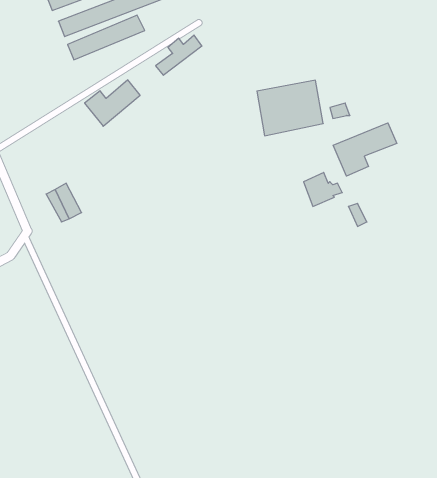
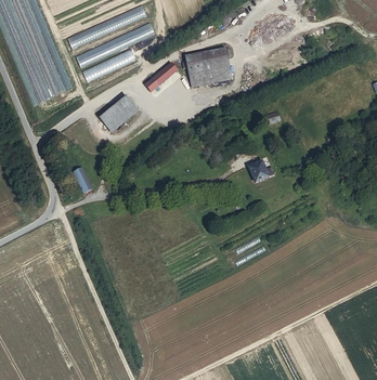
building: [257,80,323,136] -> [184,49,231,88]
building: [333,123,397,176] -> none

